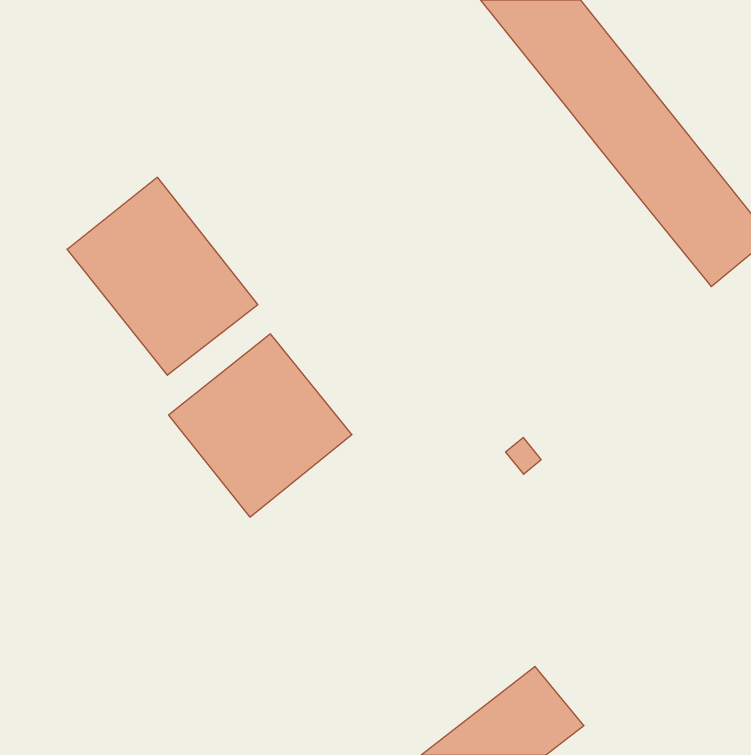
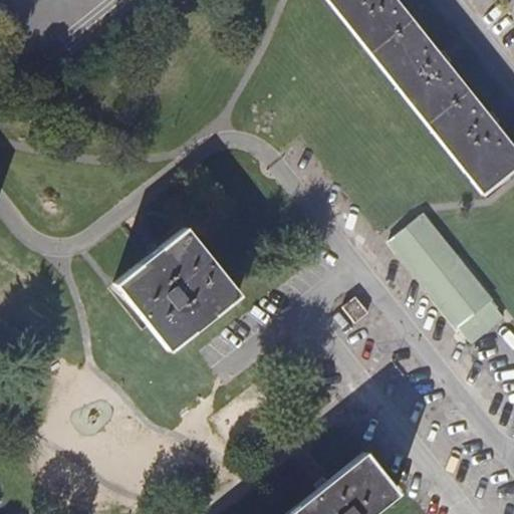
building: [67,177,258,375] -> none
building: none -> [390,213,508,345]

